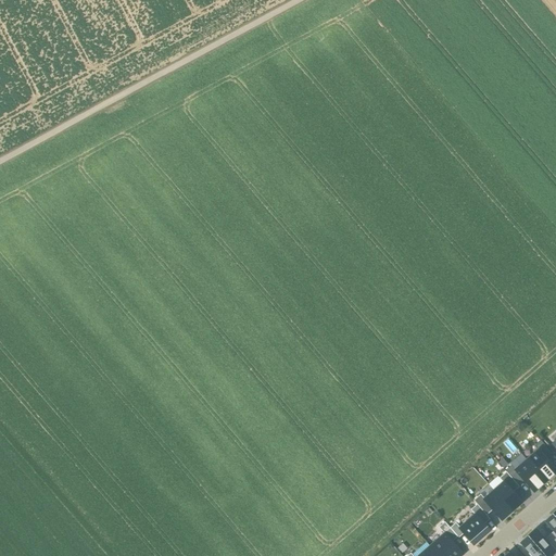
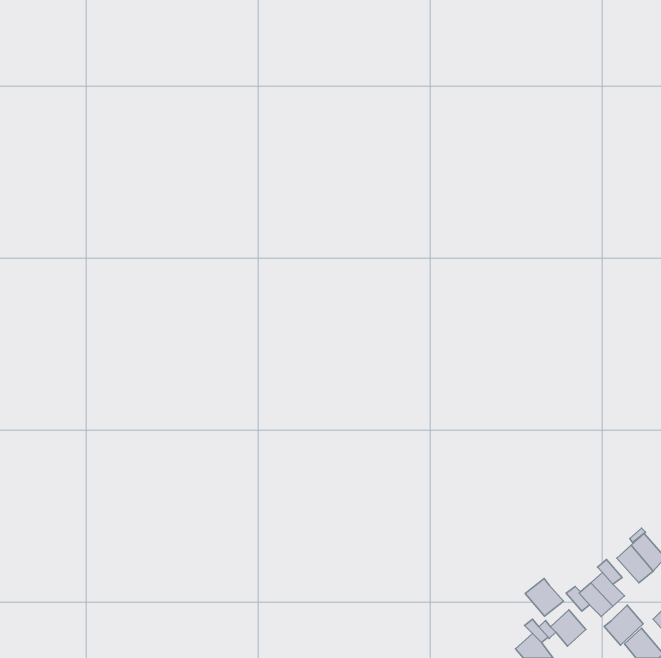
building: none -> [525,579,563,616]
building: none -> [604,605,643,645]

